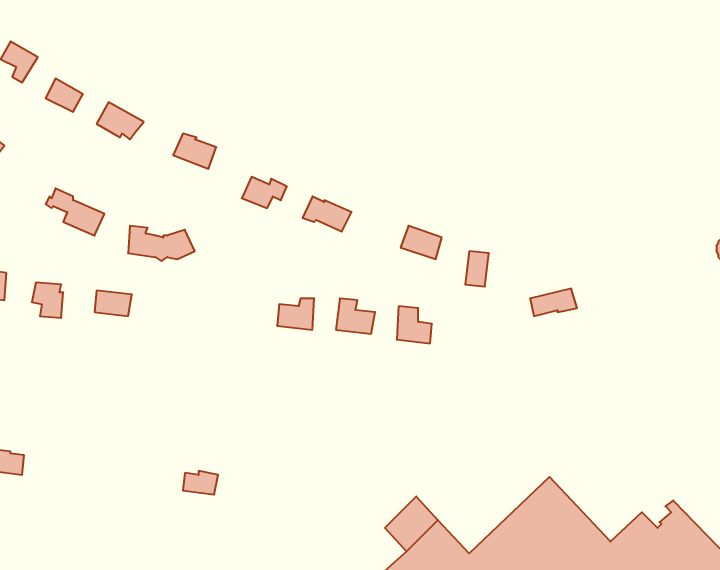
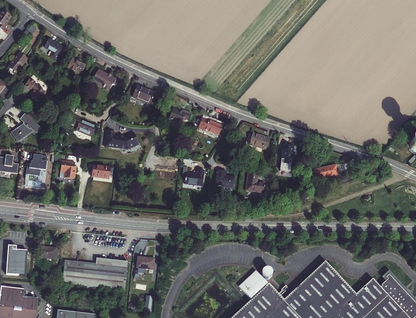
building: none -> [61,258,127,290]

